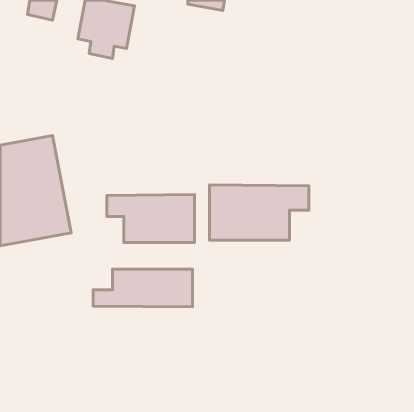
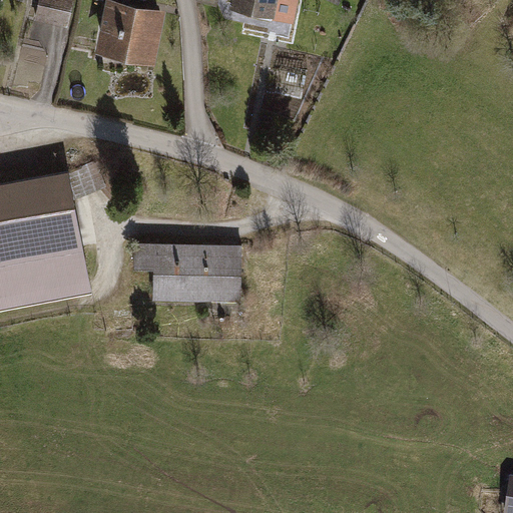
building: [210,185,309,240] -> none
building: [93,269,193,307] -> none

